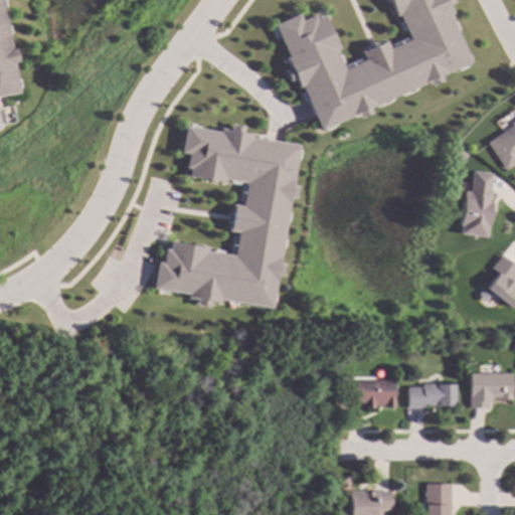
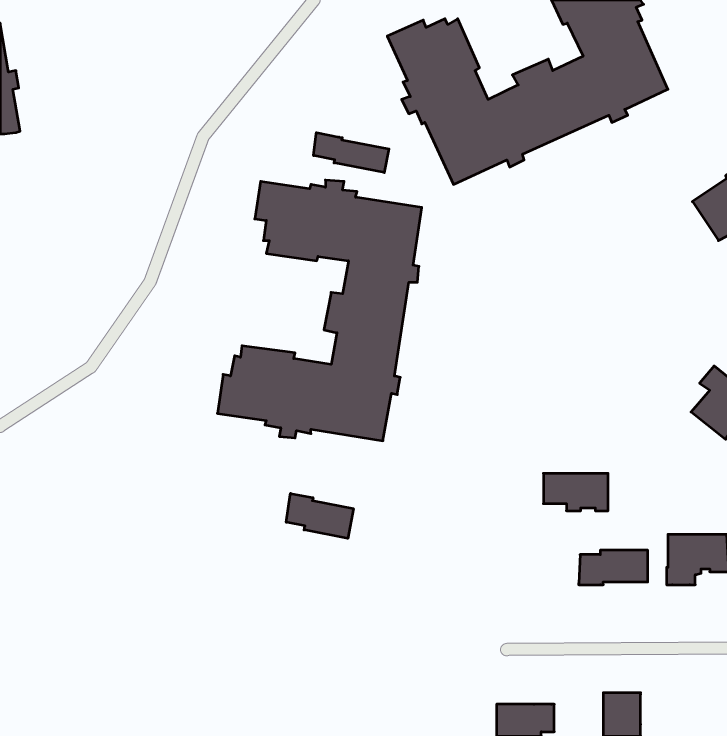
building: none -> [314,133,389,173]
building: [464,170,497,237] -> none
building: none -> [286,493,353,538]
building: [352,381,397,407] -> [543,473,608,511]

